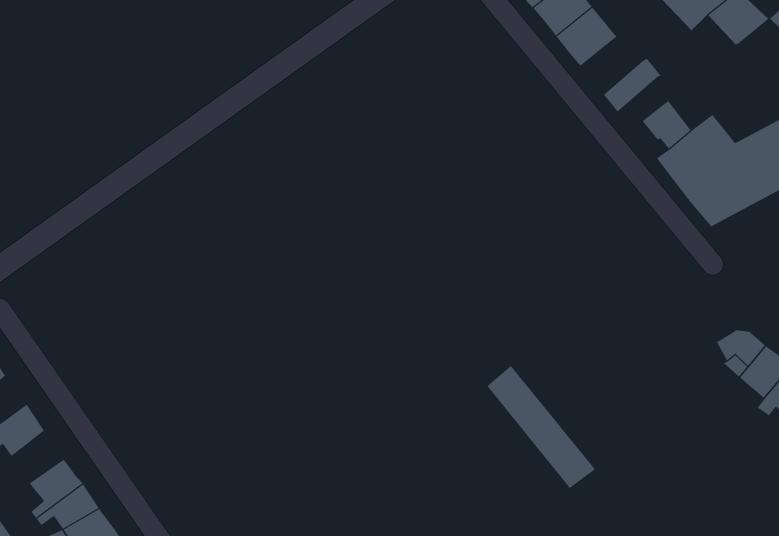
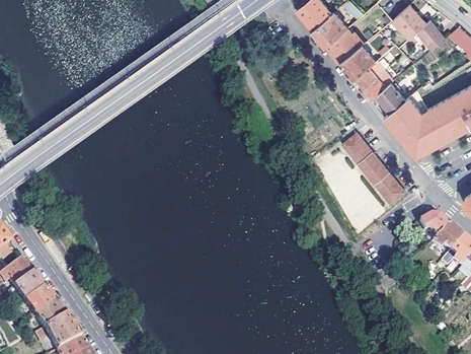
building: none -> [341,45,377,79]
building: none -> [363,69,395,99]
building: [486,365,596,489] -> [343,132,406,203]
building: none -> [15,272,46,307]

